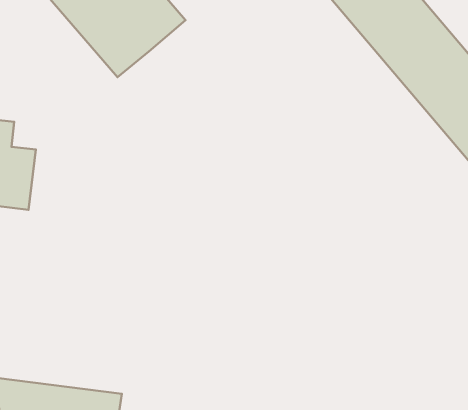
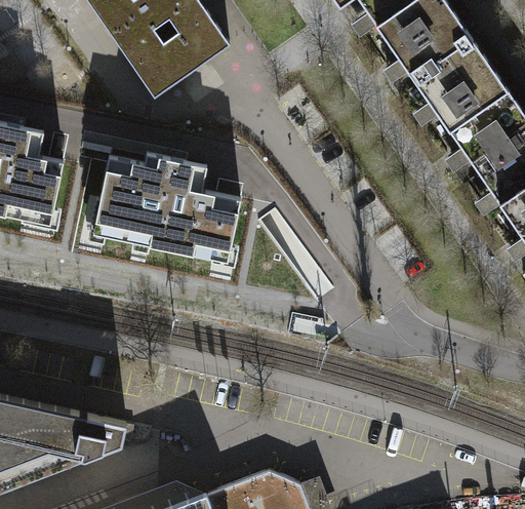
building: none -> [93,154,240,262]

